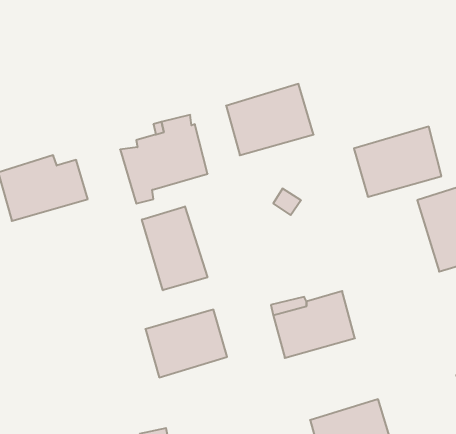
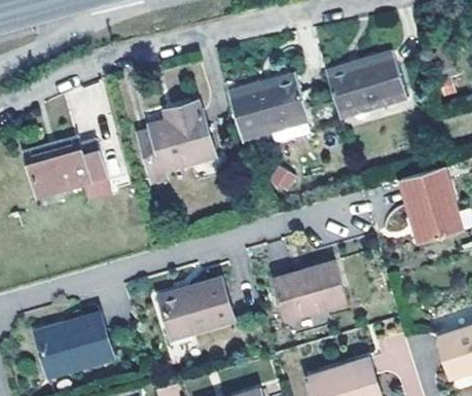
building: [354,127,441,197] -> [328,53,406,116]
building: [142,206,207,290] -> none
building: none -> [36,313,112,375]

